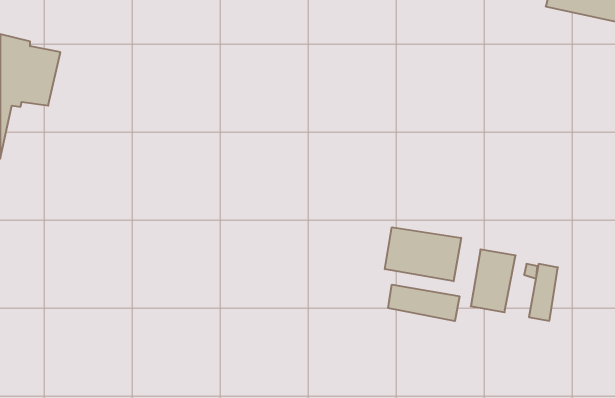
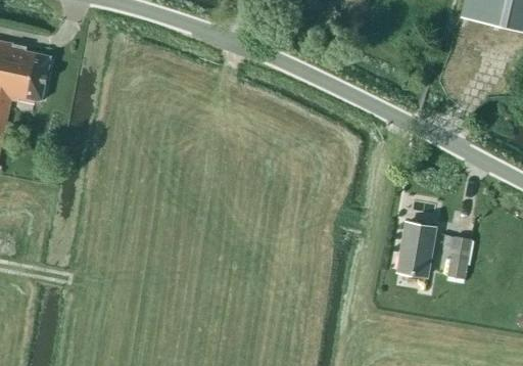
building: [385,227,461,281] -> none
building: [388,285,459,321] -> none

